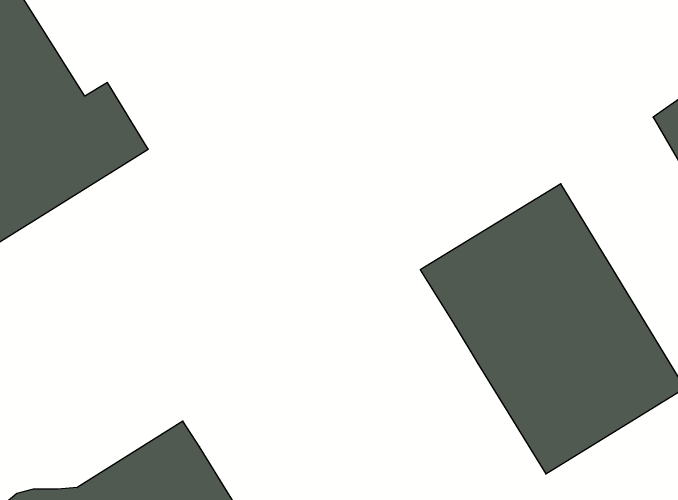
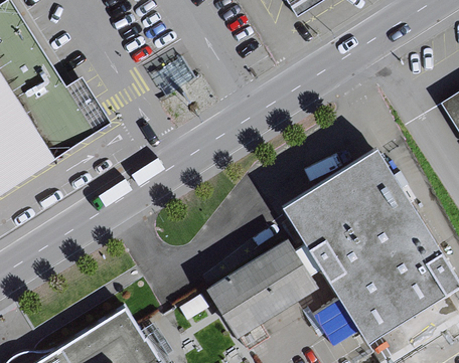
building: none -> [206,238,321,338]

